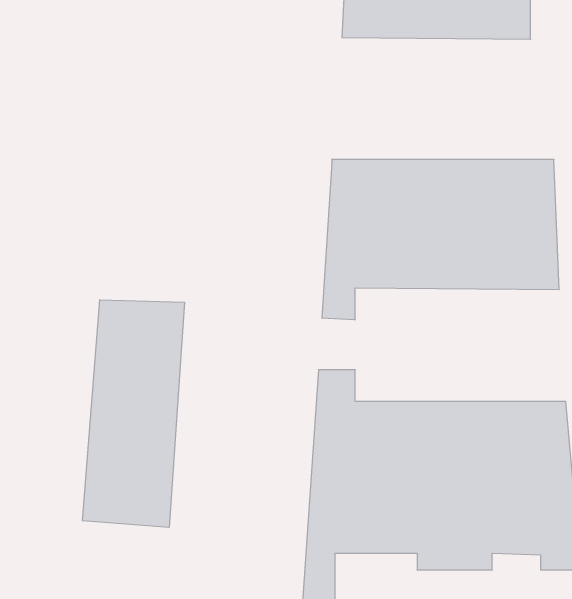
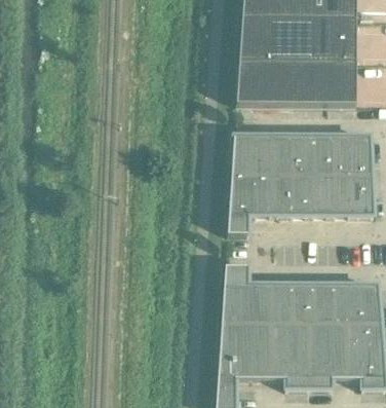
building: none -> [236,61,355,105]
building: [82,300,185,527] -> none

